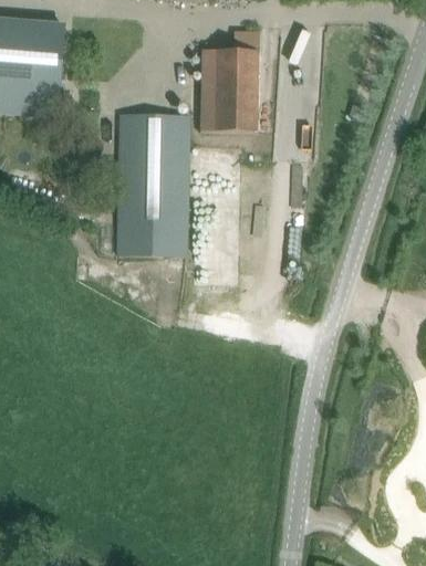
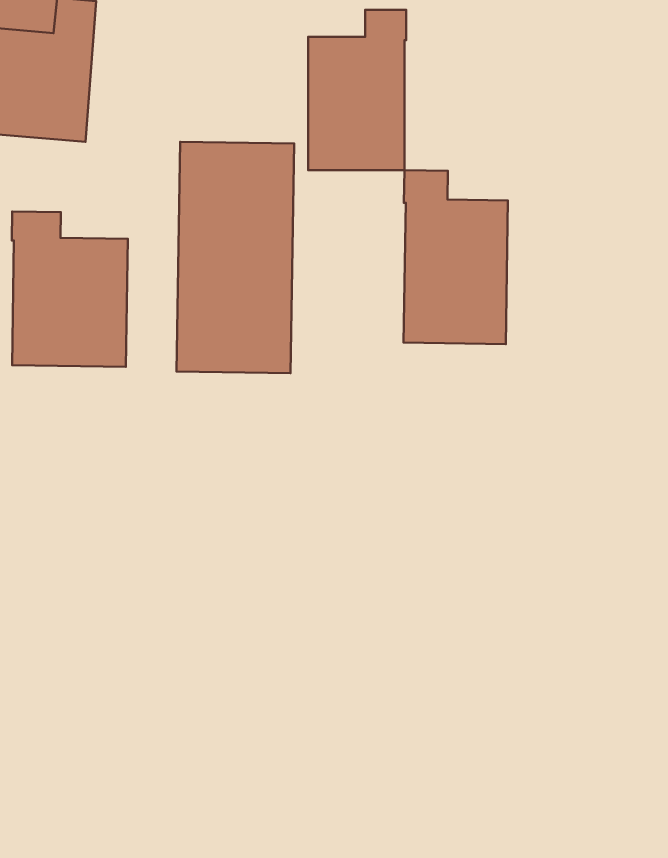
building: none -> [404,170,508,344]
building: none -> [12,211,128,367]

